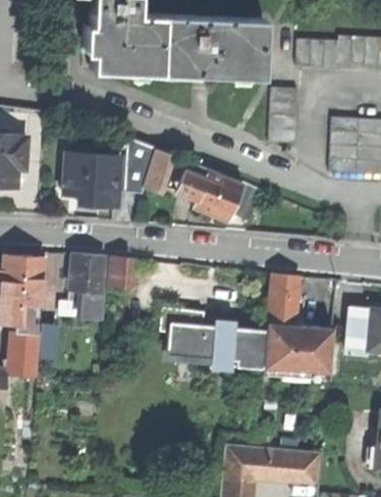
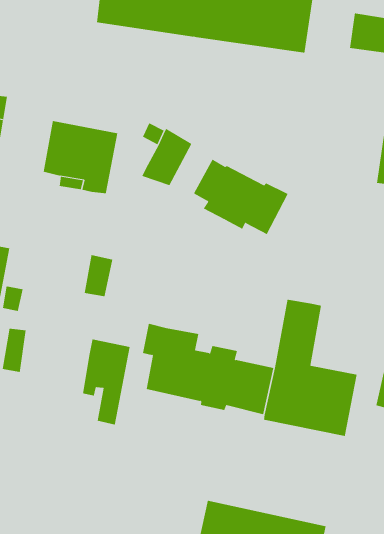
building: [270,88,298,145] -> none
building: [68,253,103,320] -> [82,339,130,425]

